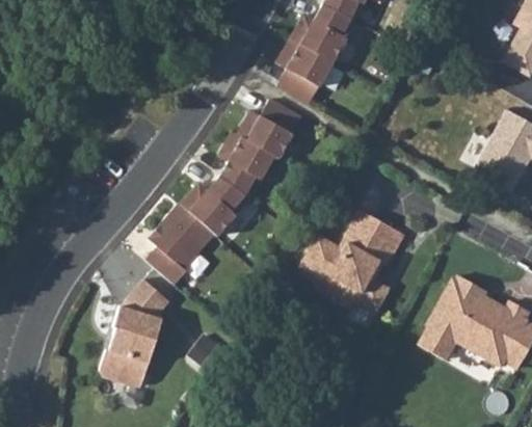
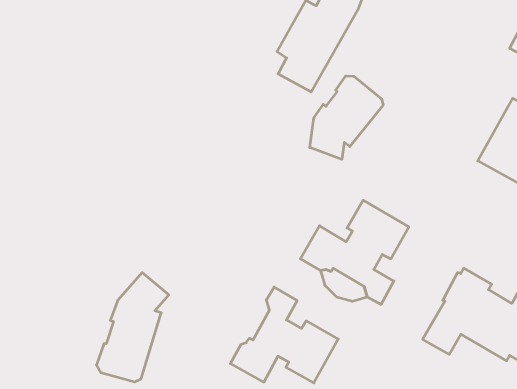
building: none -> [310,76,383,159]
building: [145,99,302,285] -> none
building: none -> [230,287,338,383]

